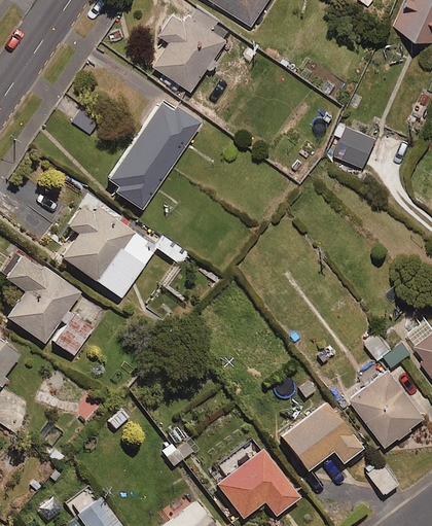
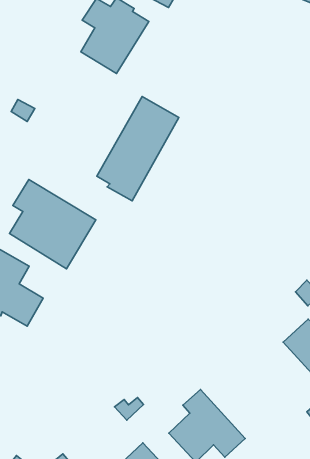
building: [106,98,200,210] -> [97,96,179,201]
building: [333,126,375,167] -> none
building: [280,401,361,470] -> none

